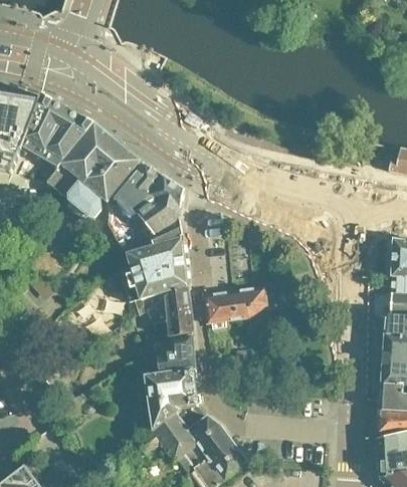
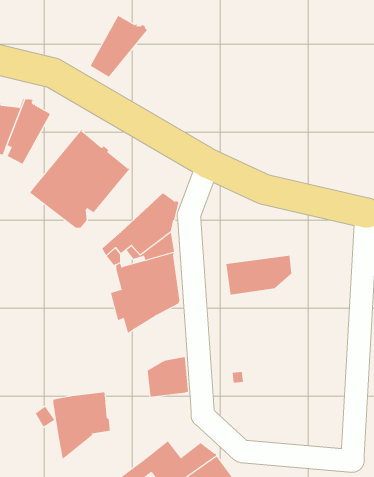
building: [41,109,95,168] -> [90,15,148,78]
building: [109,164,172,235] -> none
building: [145,286,193,337] -> none
building: [204,287,266,324] -> [225,255,292,295]
building: [144,370,198,433] -> [52,392,111,460]

